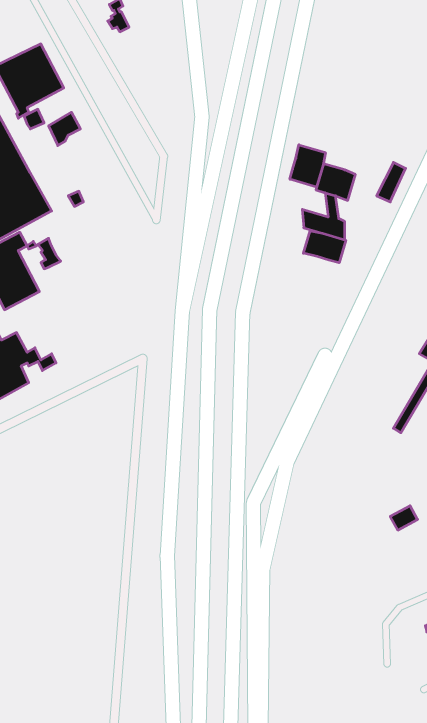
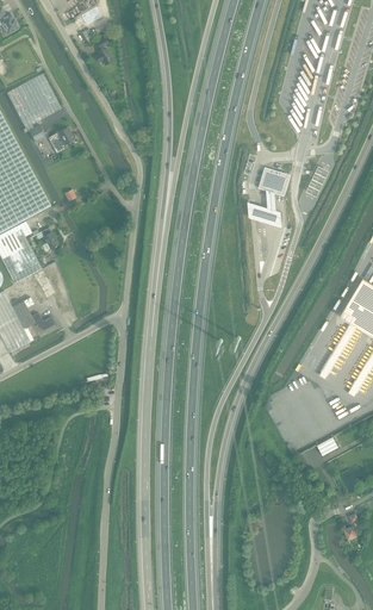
building: [290,145,325,187] -> none
building: [303,231,346,263] -> none

